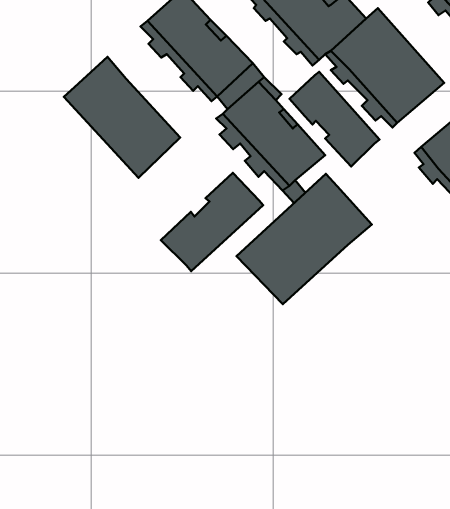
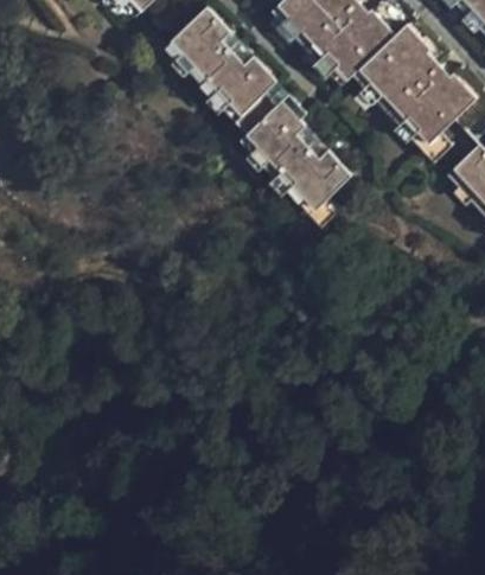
building: [64,57,180,178] -> none
building: [290,72,380,167] -> none
building: [161,173,263,271] -> none
building: [237,174,372,304] -> none

